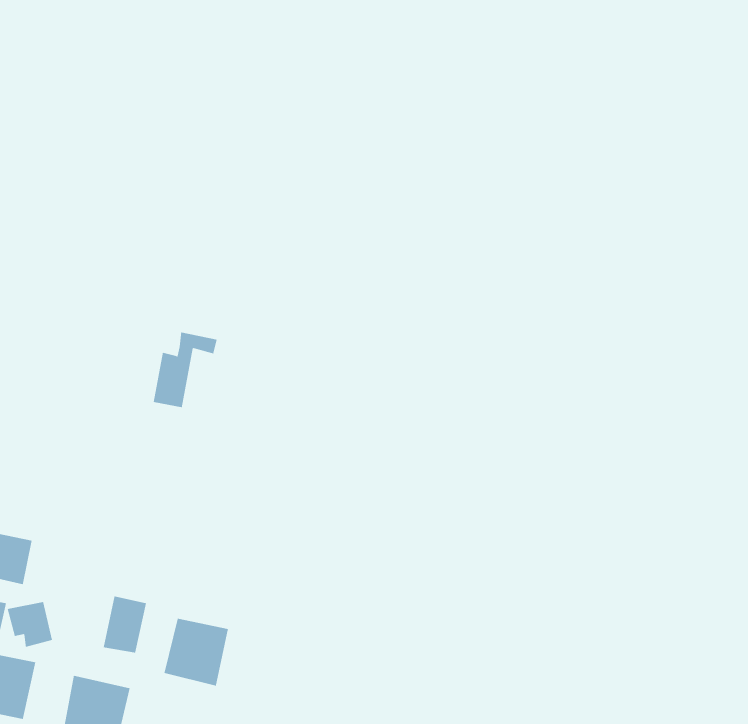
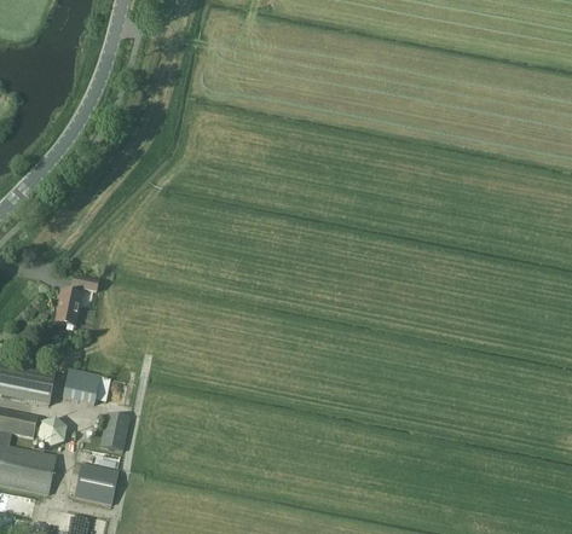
building: [153,332,218,408] -> [54,277,97,326]
building: none -> [63,370,100,404]
building: [164,618,229,687] -> none

